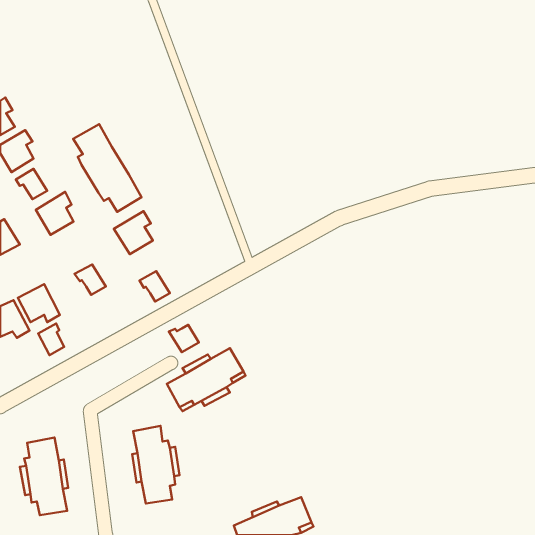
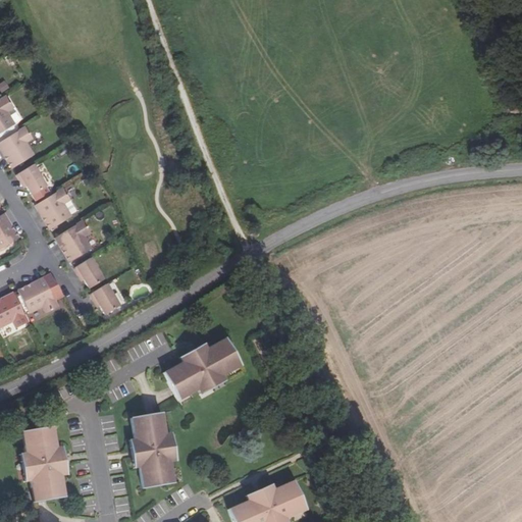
building: [73,124,141,212] -> none
building: [114,211,153,254] -> [55,219,93,261]
building: [140,271,170,301] -> [91,283,120,313]
building: [38,324,64,355] -> none
building: [169,325,199,352] -> none

